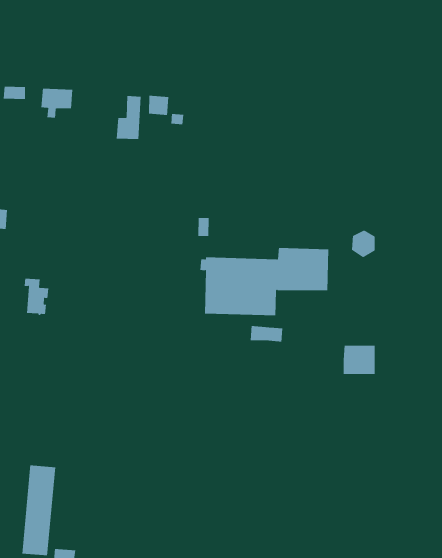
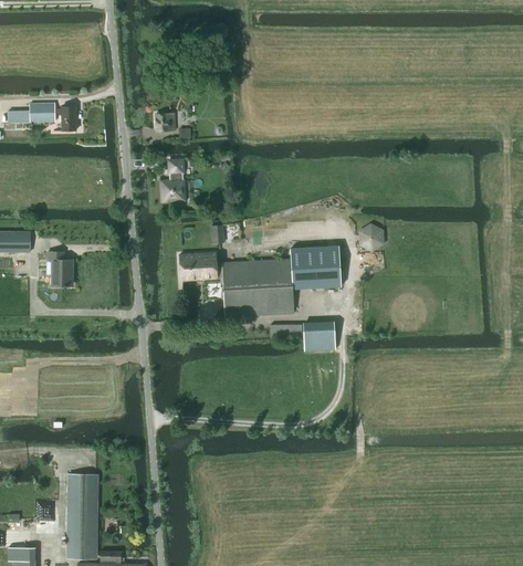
building: [116,95,141,139] -> [161,159,184,201]
building: none -> [179,252,217,280]
building: [24,278,49,315] -> [48,252,72,286]
building: [343,345,375,375] -> [303,321,335,350]

